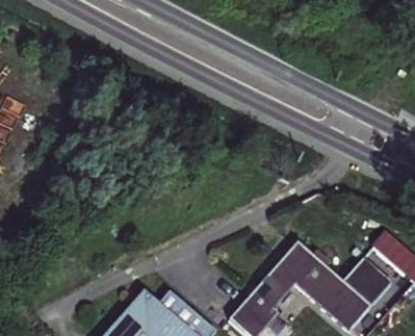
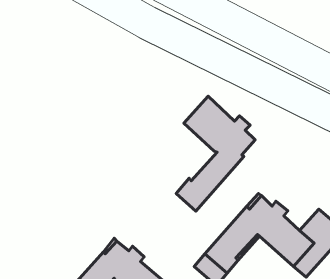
building: none -> [176,96,255,211]

